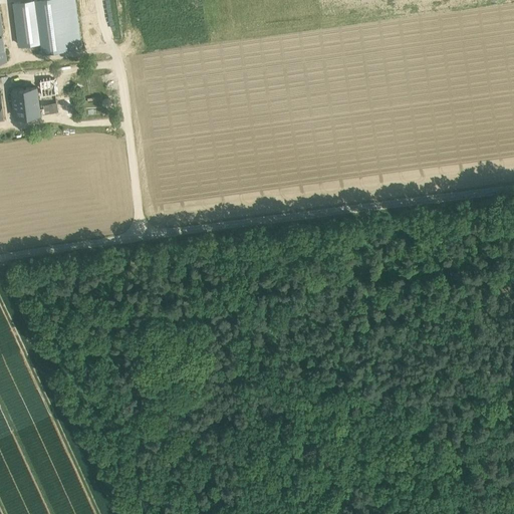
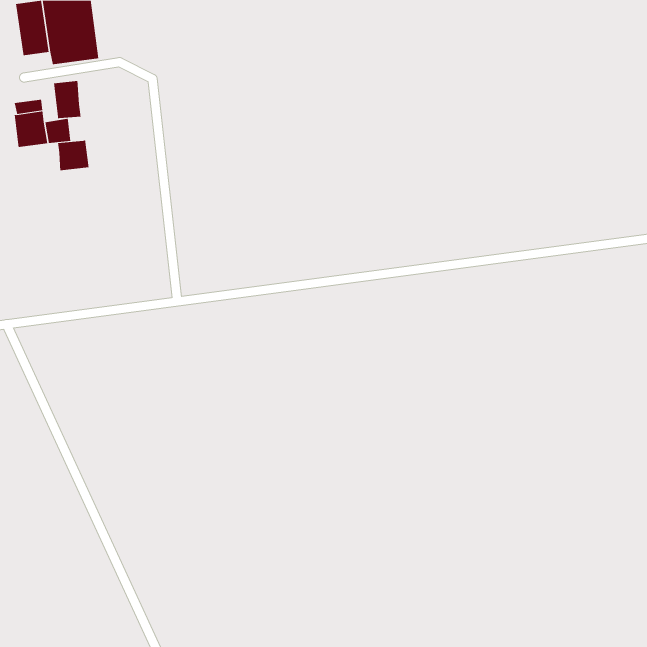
building: none -> [53,80,81,120]
building: none -> [58,140,89,171]

